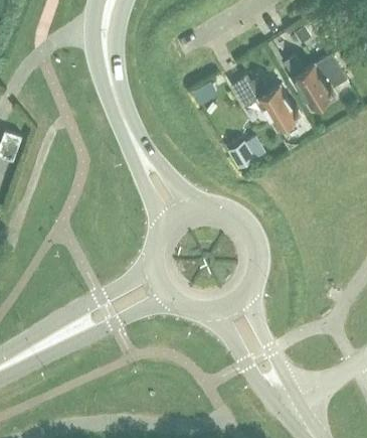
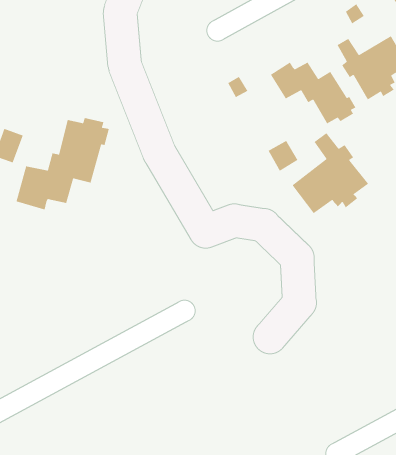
building: none -> [16,117,110,210]
building: none -> [291,132,369,214]

